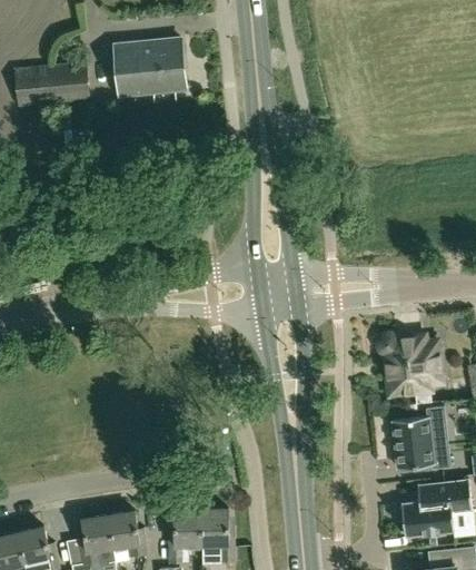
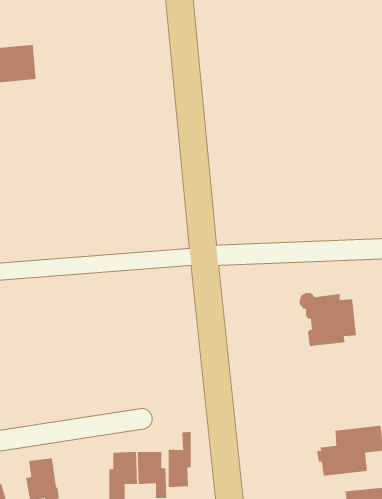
building: [113,38,185,96] -> none
building: [391,406,449,469] -> none
building: none -> [168,431,192,488]
building: [108,511,147,557] -> none

